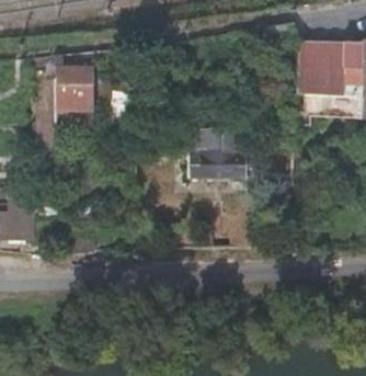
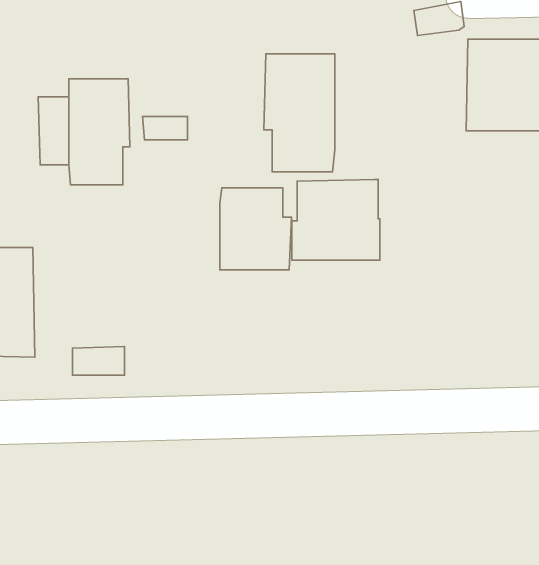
building: none -> [264,54,335,172]
building: none -> [220,188,291,270]

